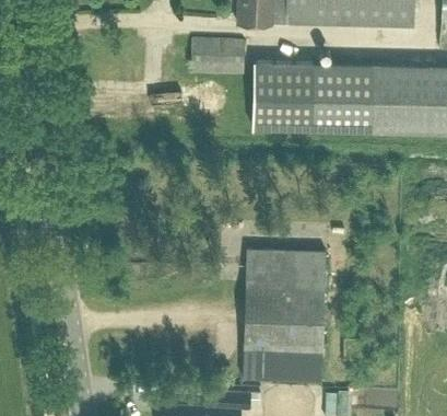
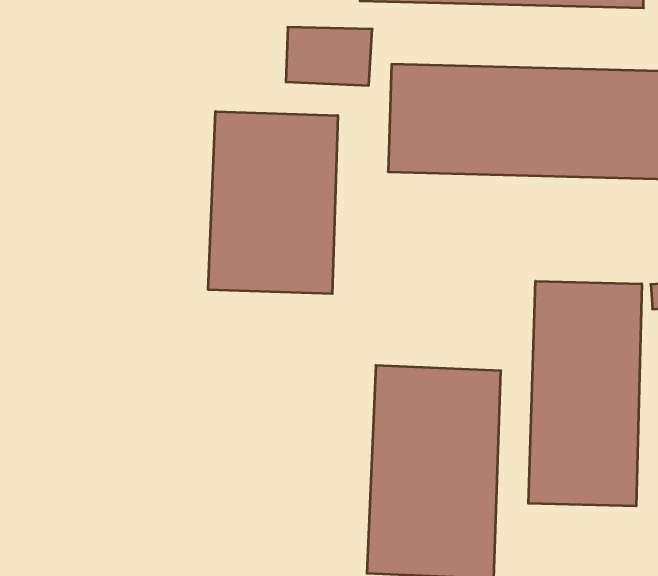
building: none -> [208,111,338,294]
building: none -> [528,281,642,506]

